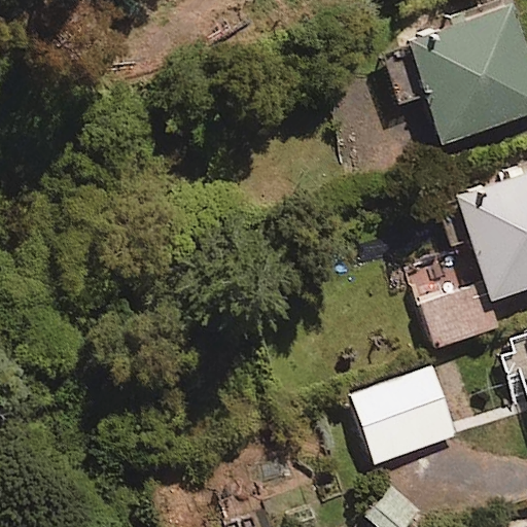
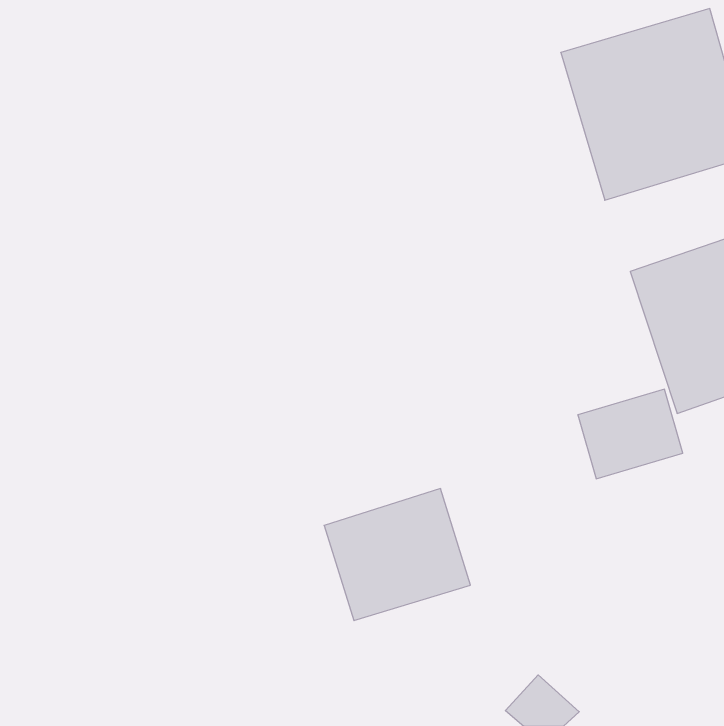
building: [350,365,456,461] -> [324,489,470,621]

